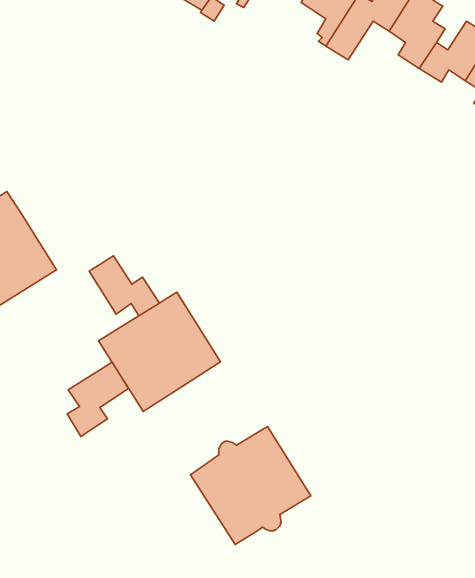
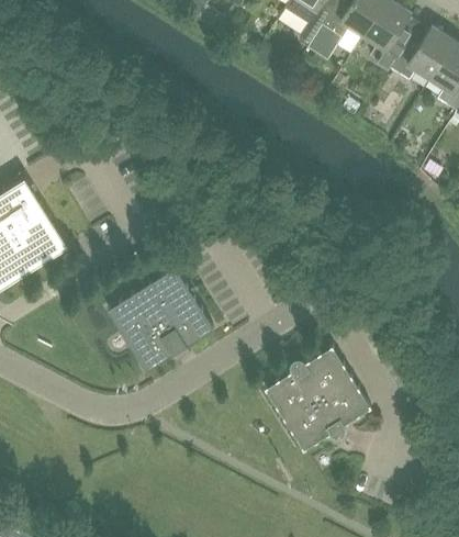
building: [89,256,160,316] -> none
building: [67,362,129,437] -> none
building: [190,426,311,544] -> [266,346,372,450]

